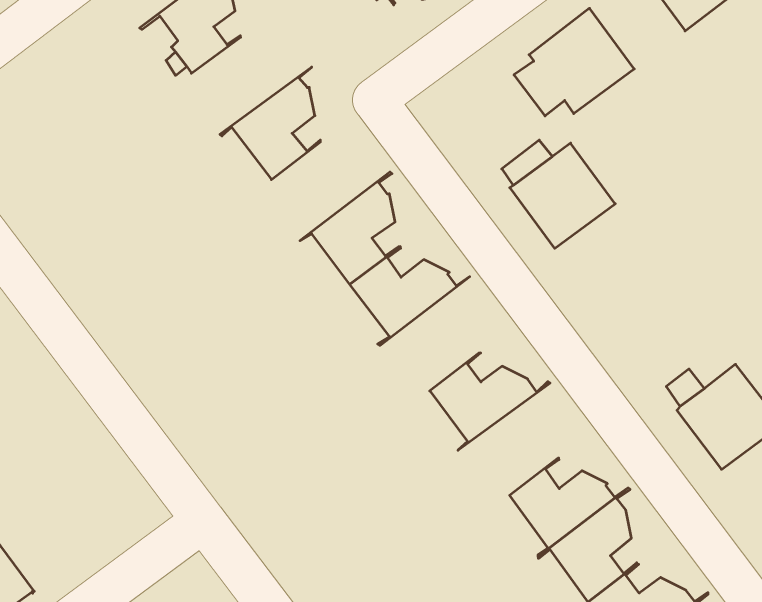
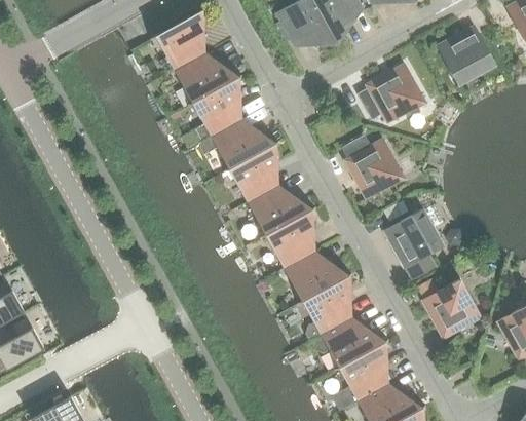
building: none -> [175,53,243,107]
building: none -> [212,119,279,174]
building: none -> [384,209,443,280]
building: none -> [260,207,316,269]
building: none -> [296,274,353,335]

